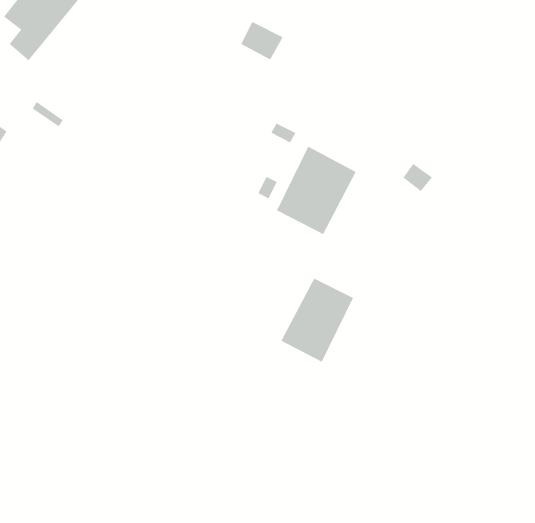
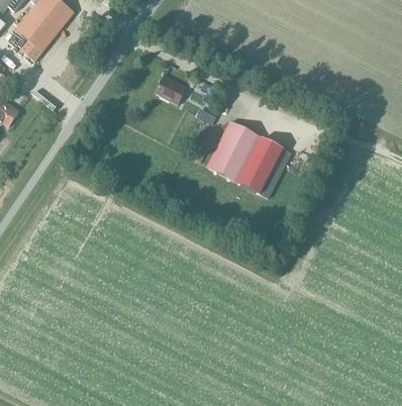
building: [240,21,283,60] -> [156,76,186,103]
building: [281,278,354,362] -> [240,138,292,198]

